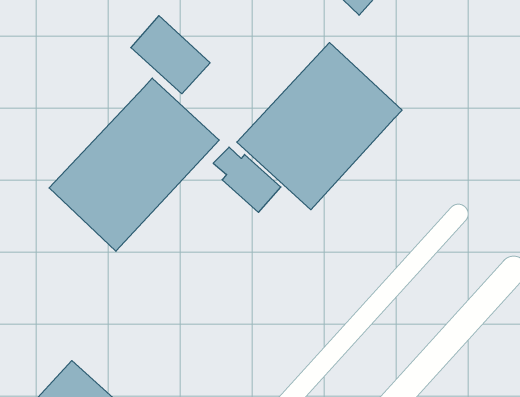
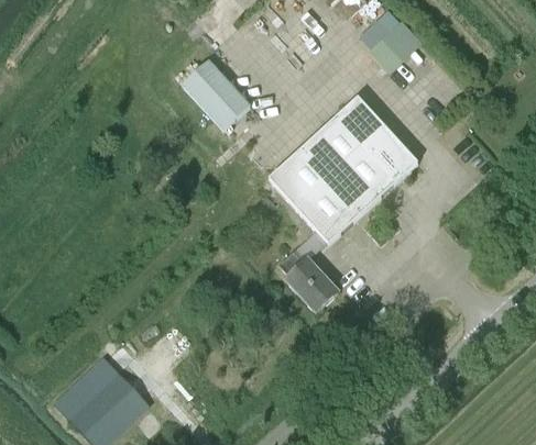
building: [49,78,219,251] -> none
building: [213,147,281,212] -> [278,251,337,311]

